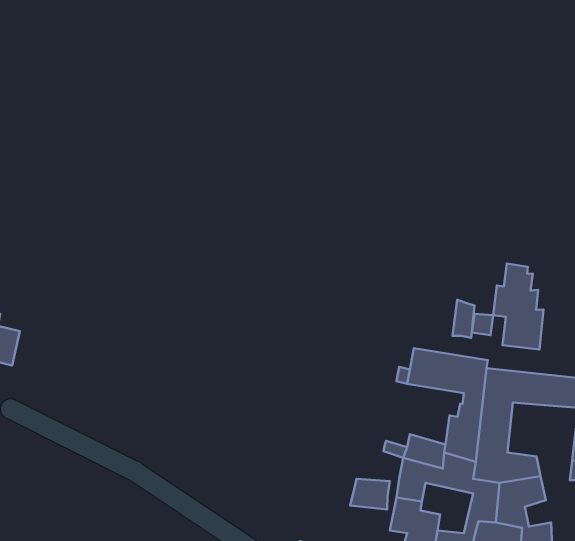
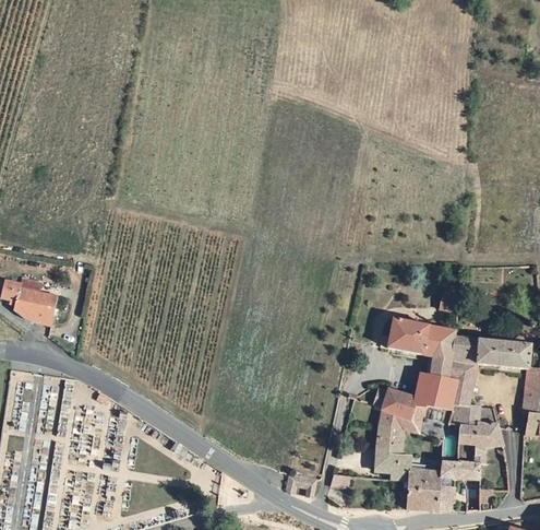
building: [493,264,544,350] -> none
building: [453,300,475,338] -> none
building: [350,479,390,510] -> none

